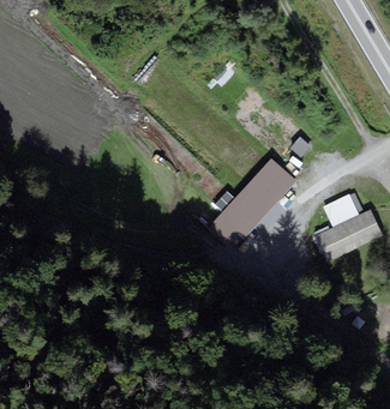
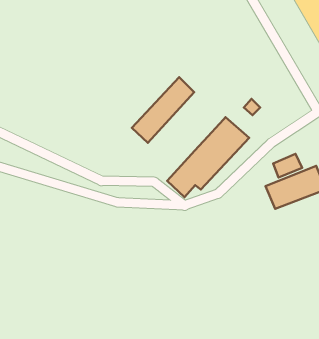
building: none -> [132,77,194,143]

